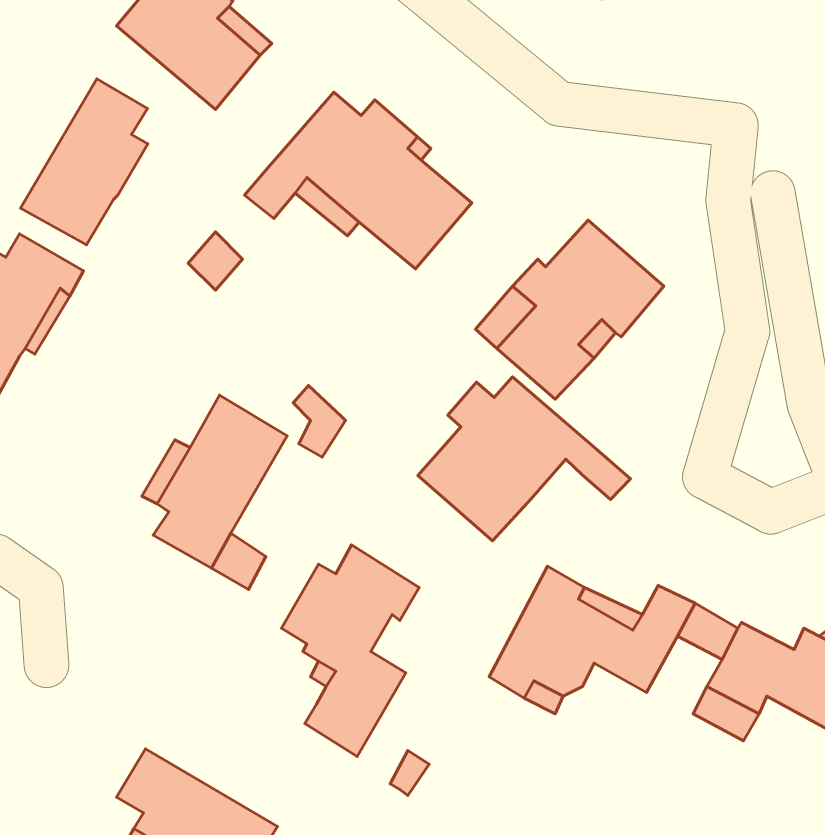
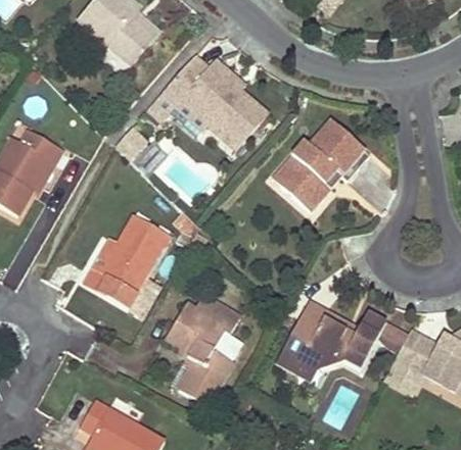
building: [20,79,148,245] -> none
building: [418,377,630,541] -> none

